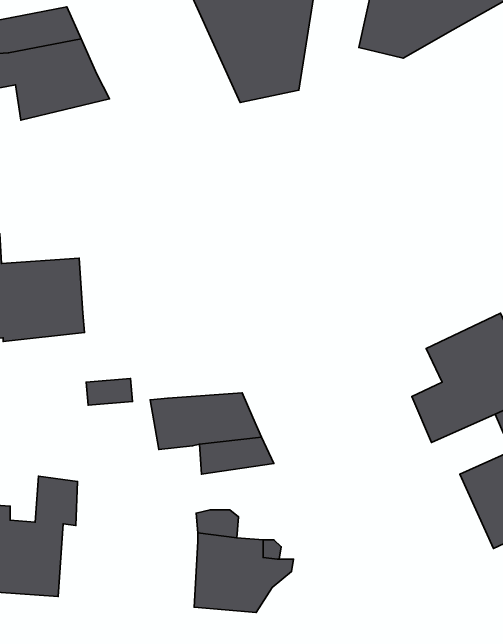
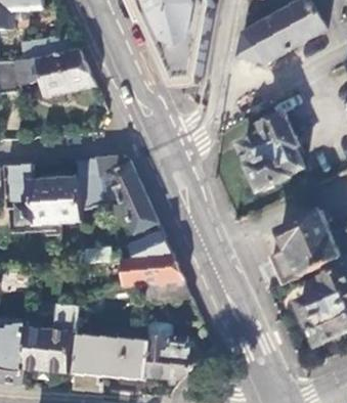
building: none -> [242,115,304,188]
building: none -> [76,156,156,234]
building: none -> [124,229,171,259]
building: none -> [72,335,145,392]

